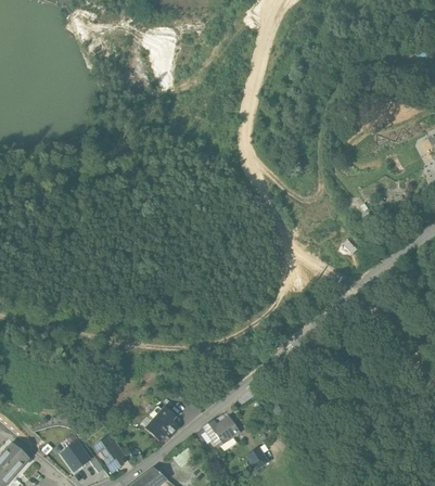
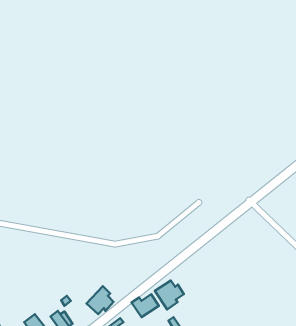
building: none -> [155,281,184,309]

